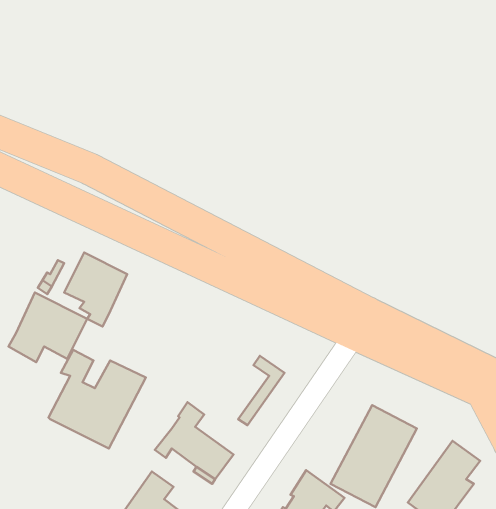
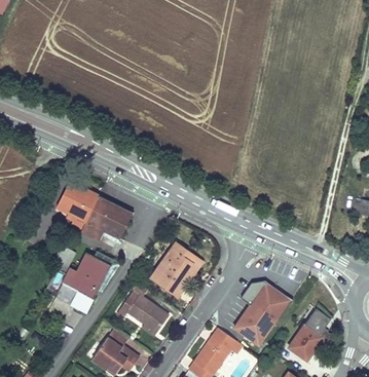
building: [9,293,87,362] -> [80,195,133,241]
building: none -> [151,242,192,292]

